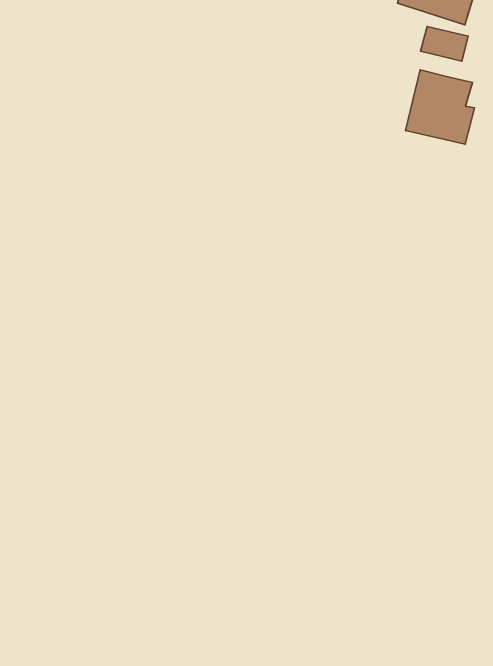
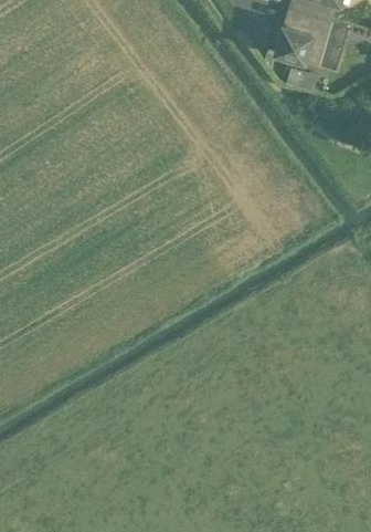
building: [405,70,474,144] -> none

